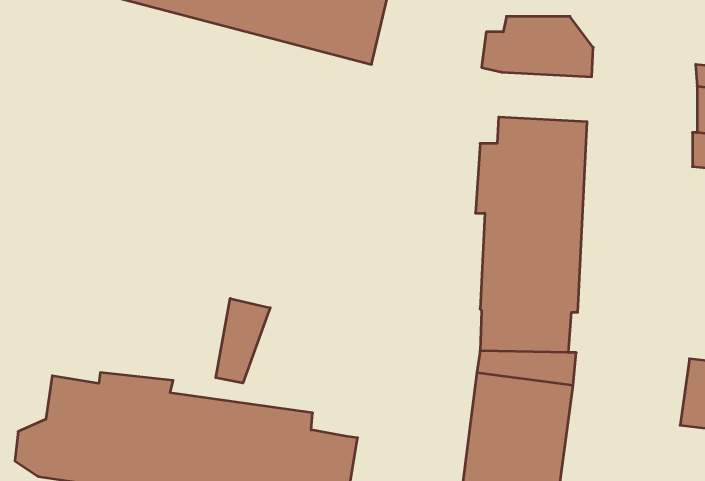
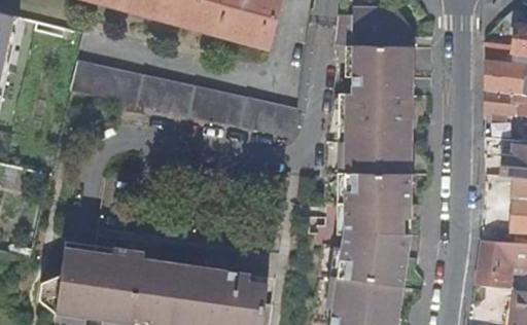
building: none -> [355,48,417,81]
building: none -> [73,61,293,141]
building: [216,298,270,383] -> none

